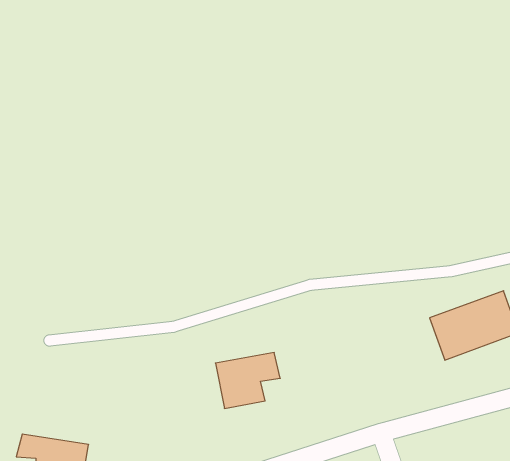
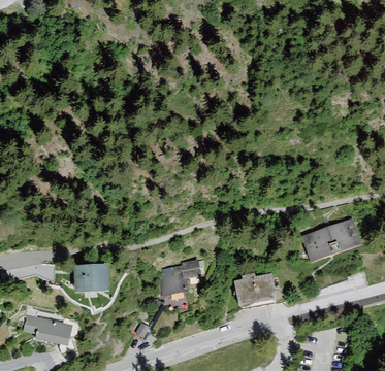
building: none -> [75,266,114,294]
building: none -> [233,274,277,308]

